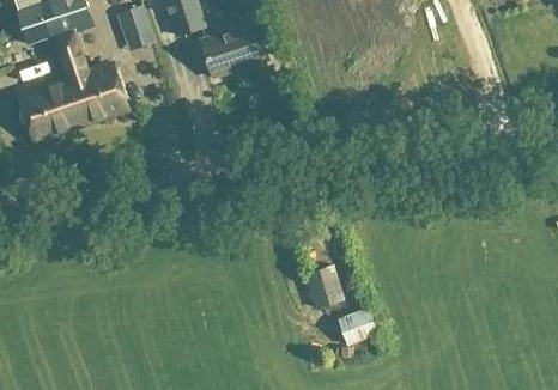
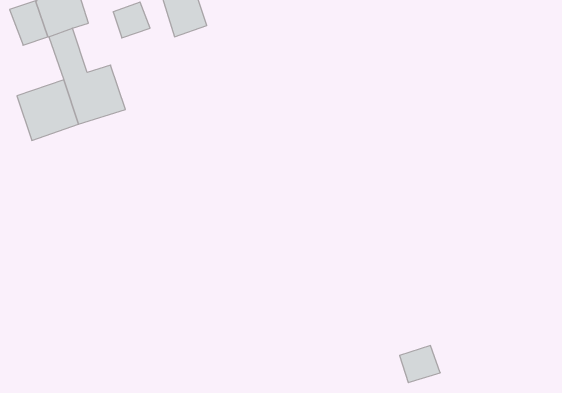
building: [199,22,268,77] -> none
building: [304,266,342,307] -> none
building: [336,307,376,343] -> [400,346,440,383]

